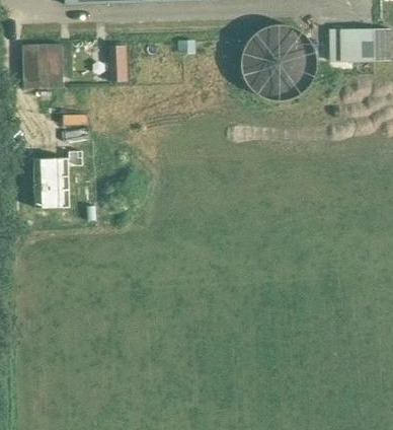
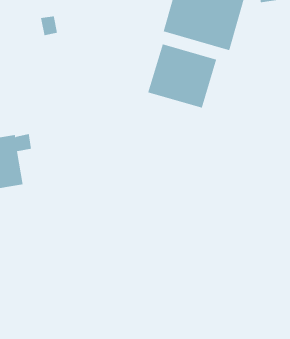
building: none -> [148,44,217,108]

